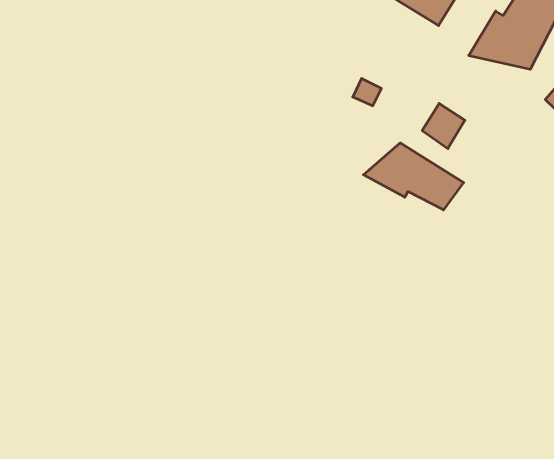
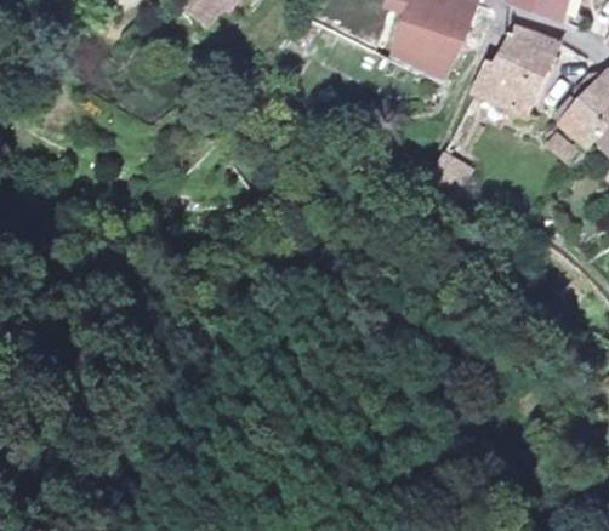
building: [363,143,464,210] -> none

